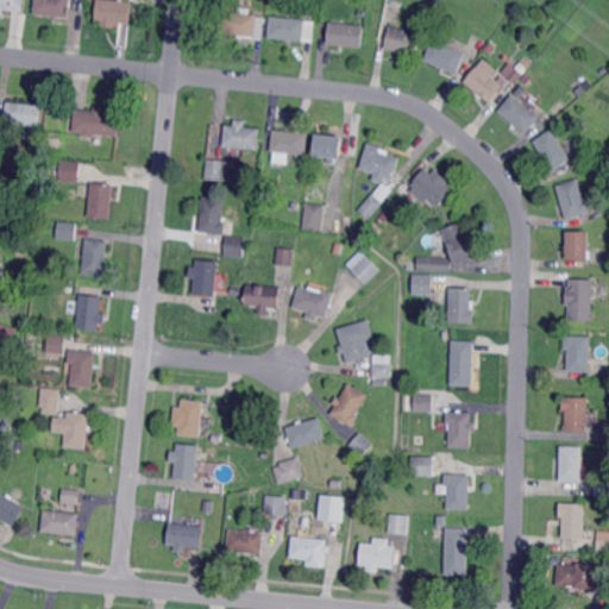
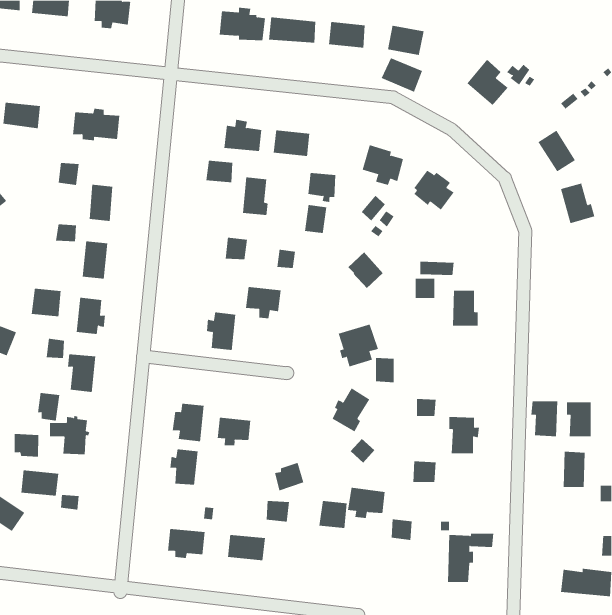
building: [422,39,464,74] -> [381,58,423,93]
building: [496,95,536,133] -> none
building: [312,133,340,163] -> [307,172,336,202]
building: [197,196,224,234] -> [242,177,268,215]
building: [433,221,476,263] -> none
building: [564,233,588,262] -> none
building: [187,258,216,296] -> [206,312,236,350]
building: [564,278,592,320] -> none
building: none -> [31,288,61,317]
building: [291,285,332,321] -> none
building: [561,337,589,372] -> [531,401,558,437]
building: [448,340,472,385] -> none
building: none -> [217,417,251,446]
building: [284,416,325,448] -> none
building: none -> [14,433,39,457]
building: [441,473,469,511] -> none
building: [557,502,584,539] -> none
building: [39,509,77,535] -> [21,470,59,496]
building: [288,535,326,560] -> none
building: [357,541,395,572] -> [347,487,386,518]

